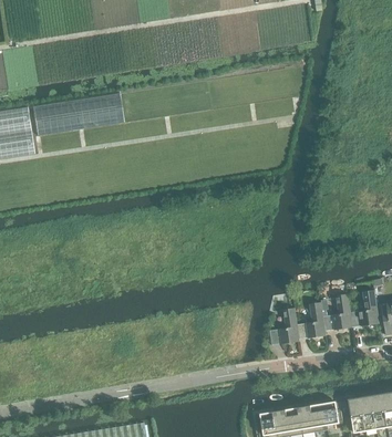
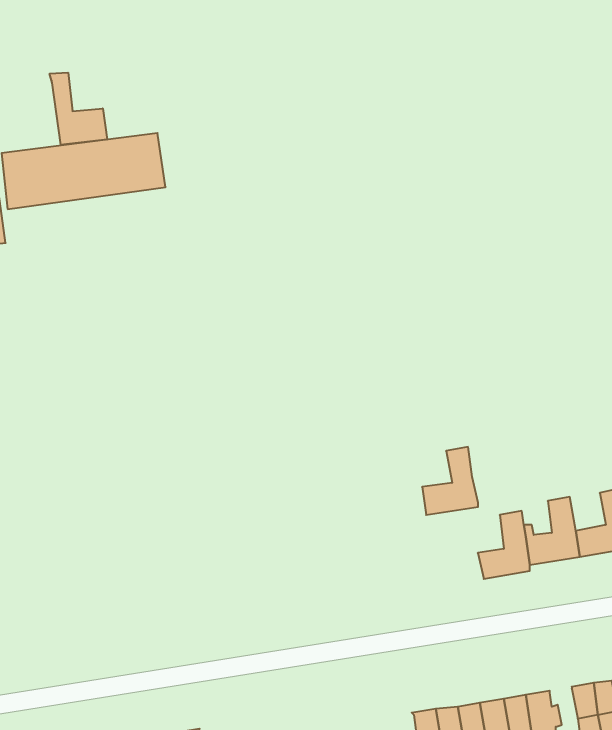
building: none -> [50,73,107,145]
building: [268,309,299,346] -> [422,447,478,515]

